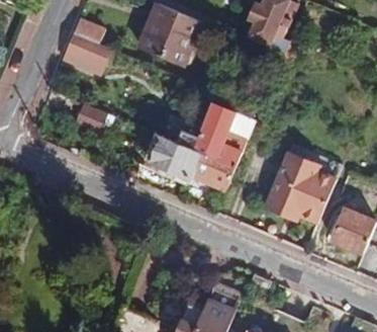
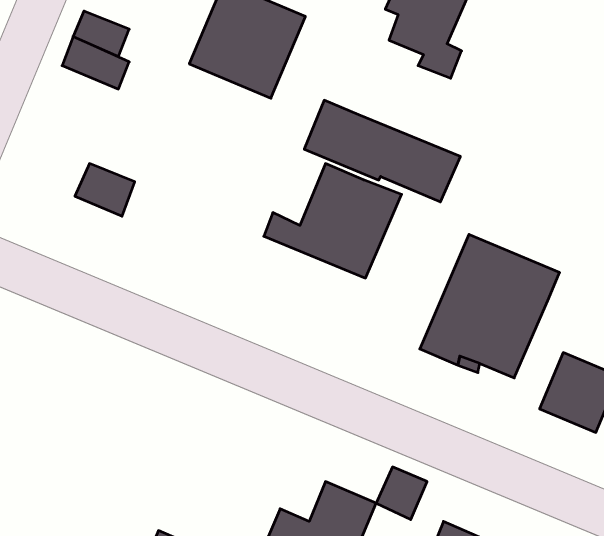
building: [148,137,234,193] -> [304,100,460,202]

